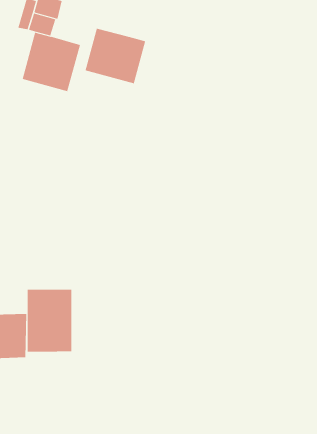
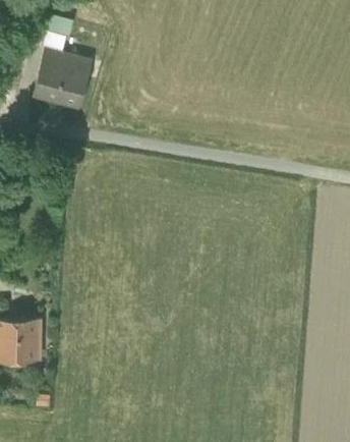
building: [85,28,146,84] -> none
building: [27,289,72,352] -> none

